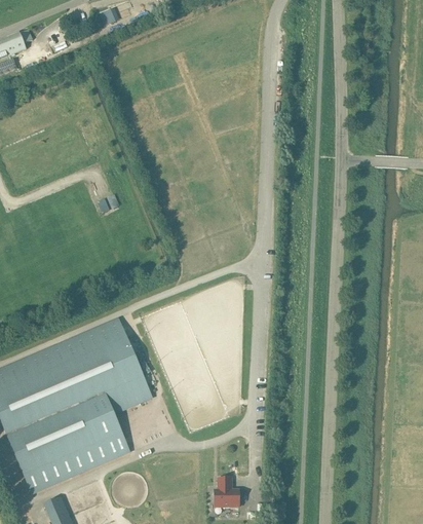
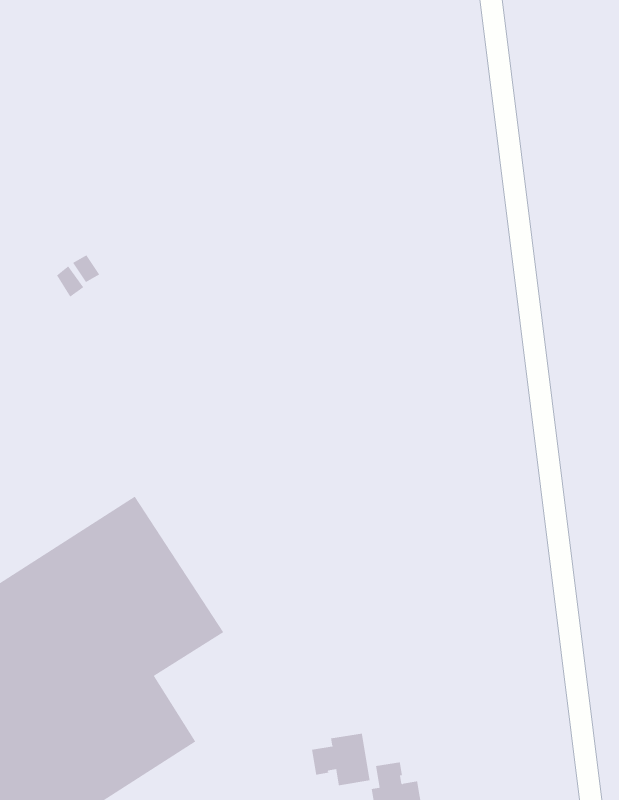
building: none -> [312,733,370,786]

